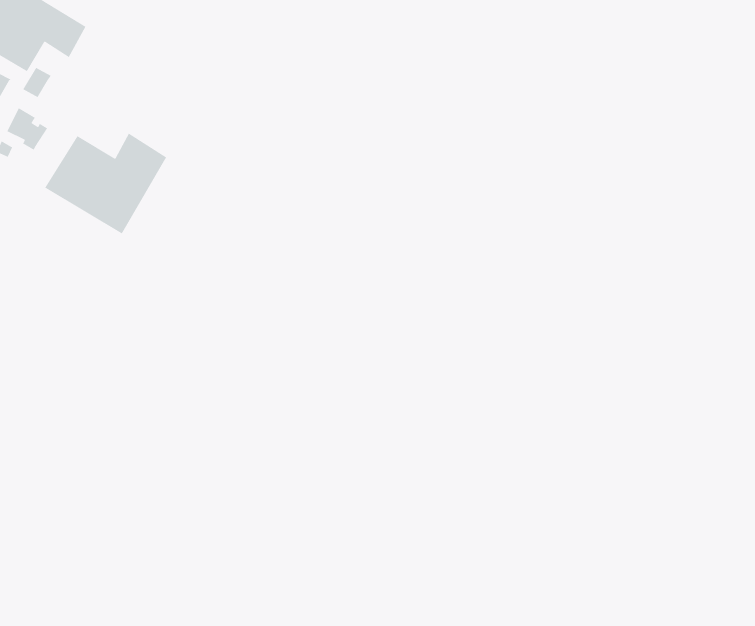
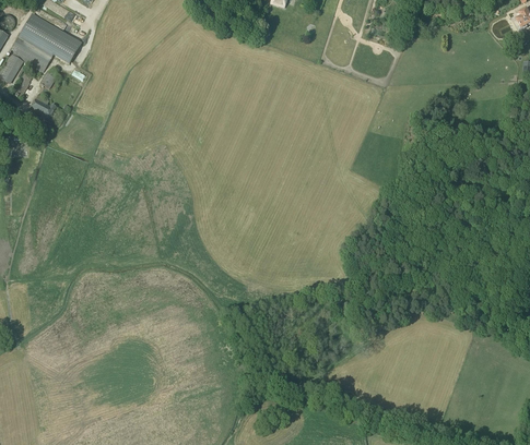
building: [44,132,167,235] -> none

